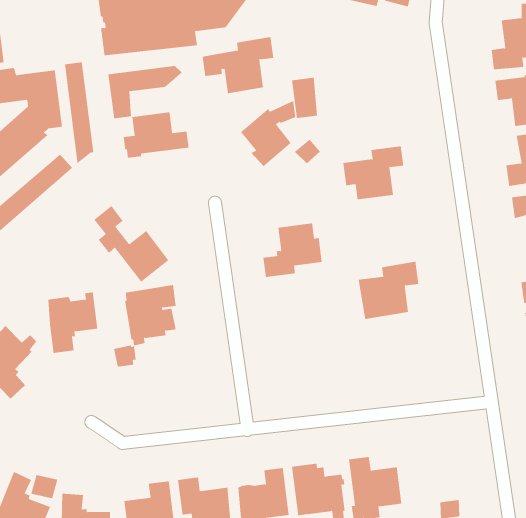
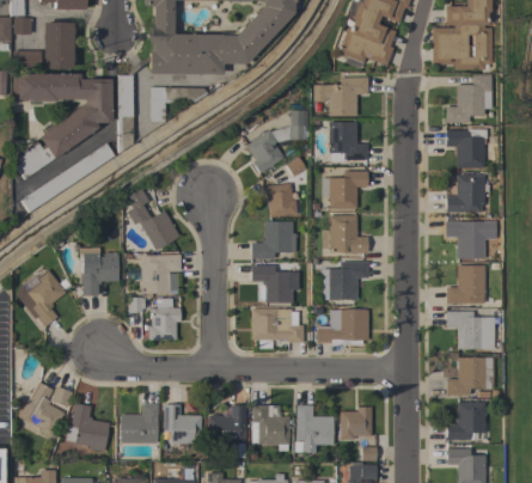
building: [202,36,274,94] -> [313,77,368,116]
building: none -> [329,122,368,161]
building: [123,111,189,159] -> none
building: none -> [262,183,298,218]
building: none -> [322,215,368,253]
building: none -> [251,264,300,302]
building: none -> [314,310,368,346]
building: none -> [251,308,304,349]
building: none -> [148,298,181,340]
building: none -> [340,406,372,439]

